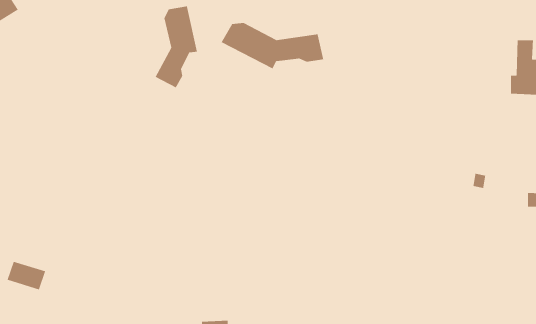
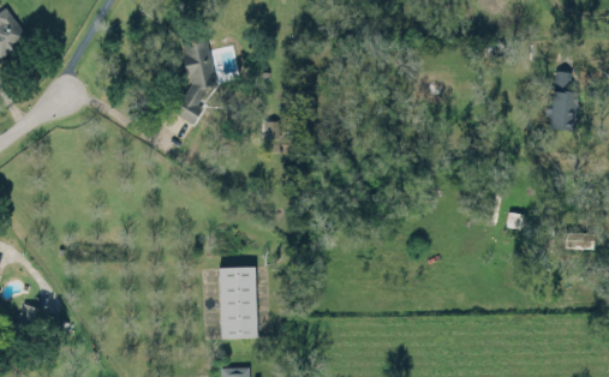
building: [220,22,324,70] -> none
building: none -> [219,265,257,339]

